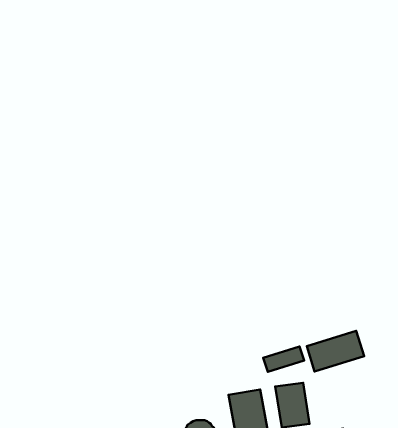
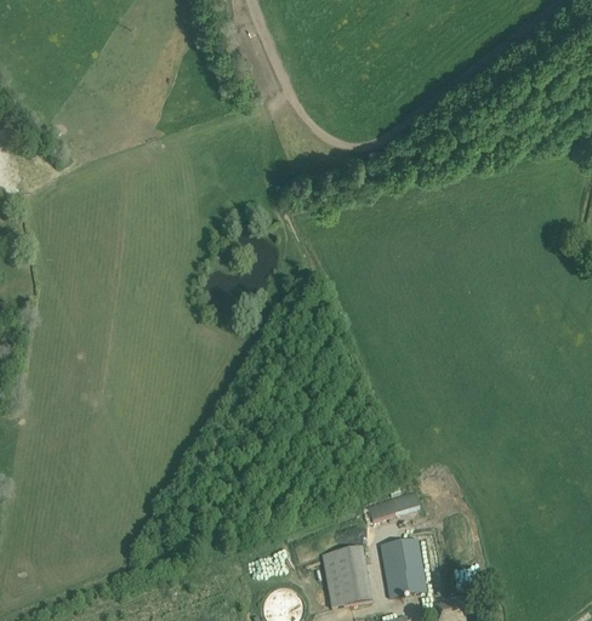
building: [307,331,364,371] -> none

